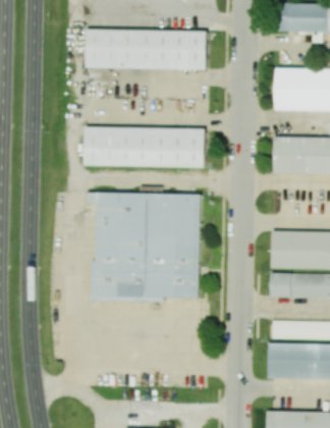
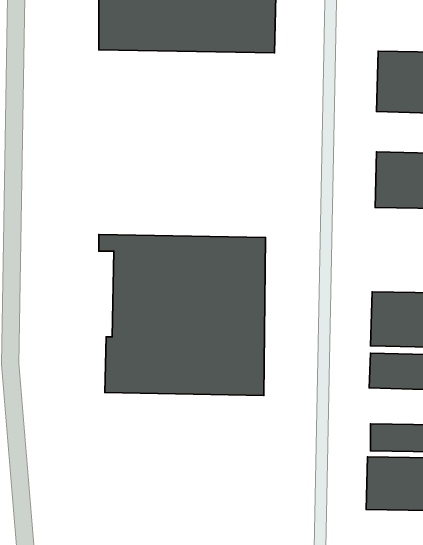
building: [82,125,204,167] -> none

